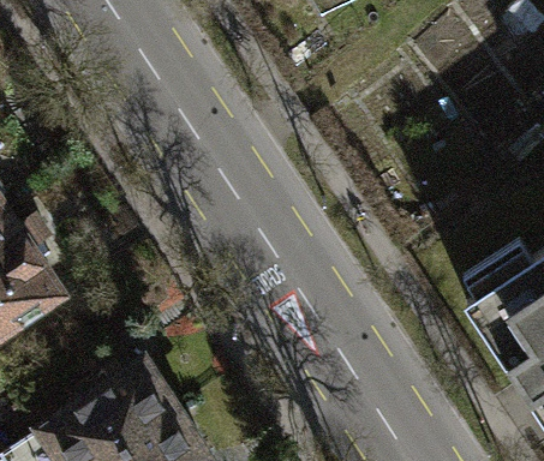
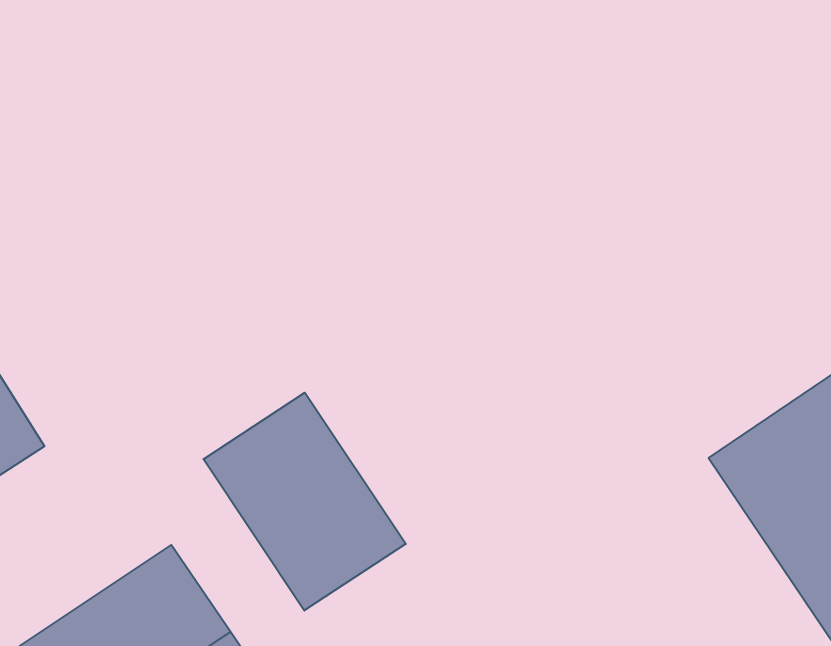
building: none -> [203,393,406,611]

